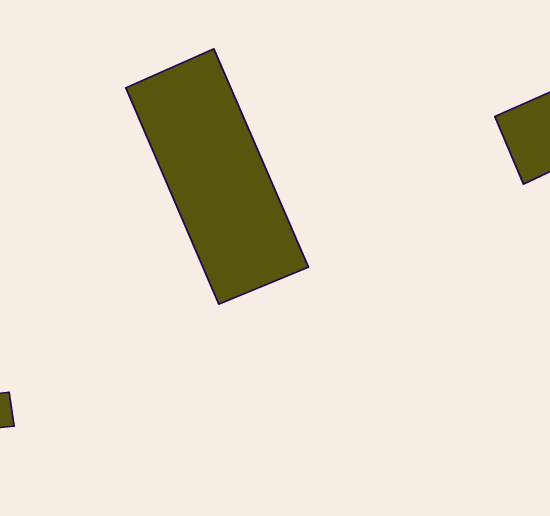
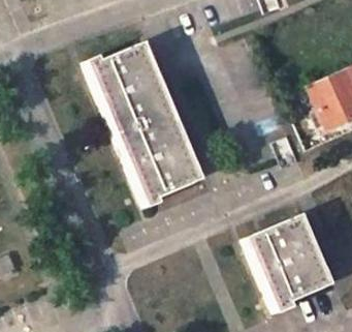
building: none -> [245,214,331,306]

